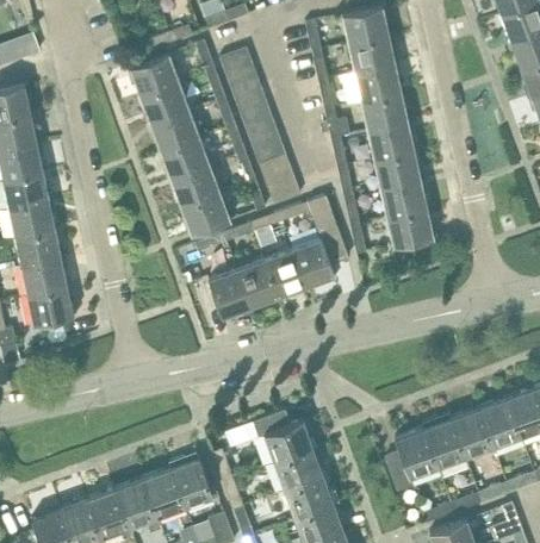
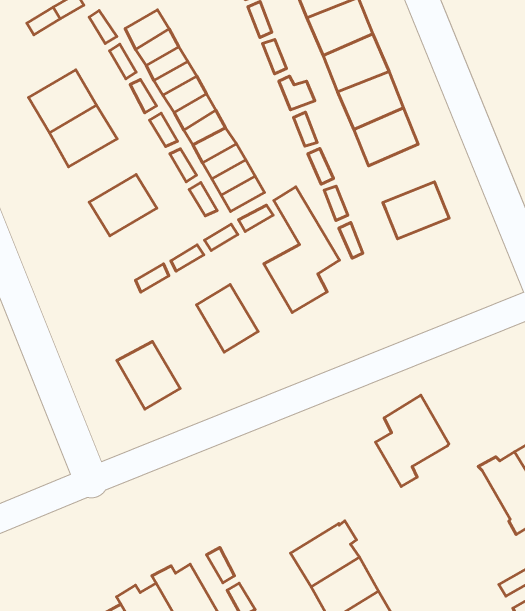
building: [129,54,178,95] -> none
building: [160,137,209,180] -> none
building: [380,180,427,218] -> none
building: [181,193,230,235] -> none
building: [263,248,305,297] -> none
building: [207,269,250,318] -> [117,341,180,409]
building: [252,410,312,463] -> none
building: [385,427,439,492] -> [375,395,449,486]

